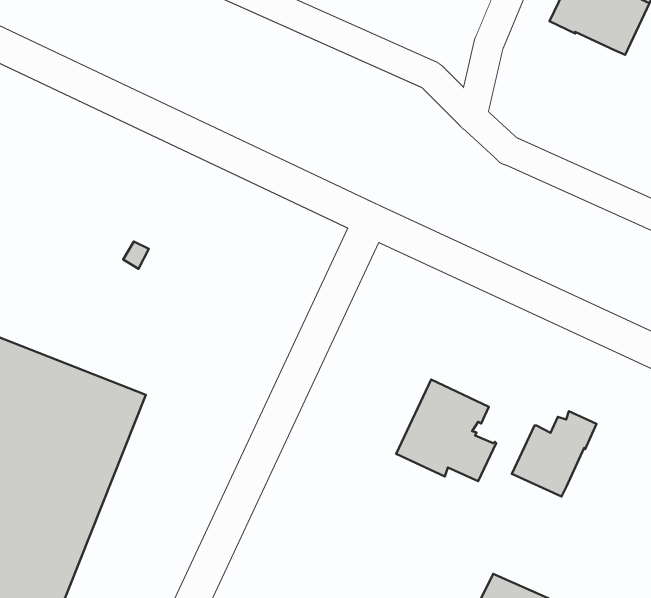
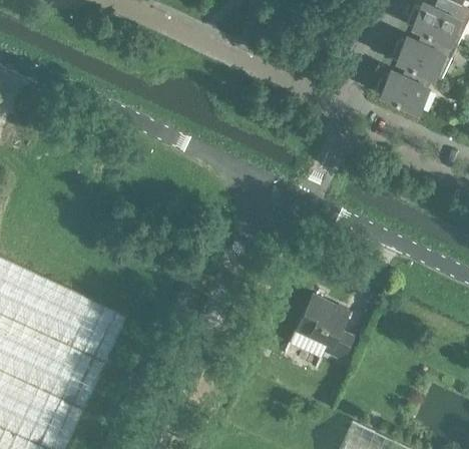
building: none -> [374,65,433,114]
building: [512,411,597,496] -> none

